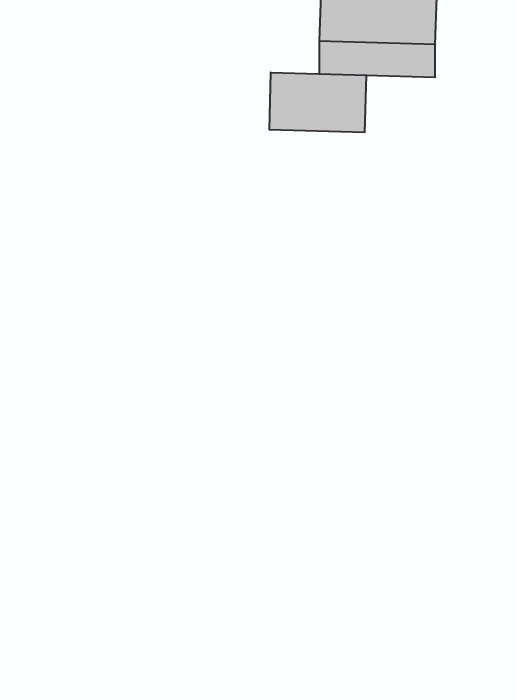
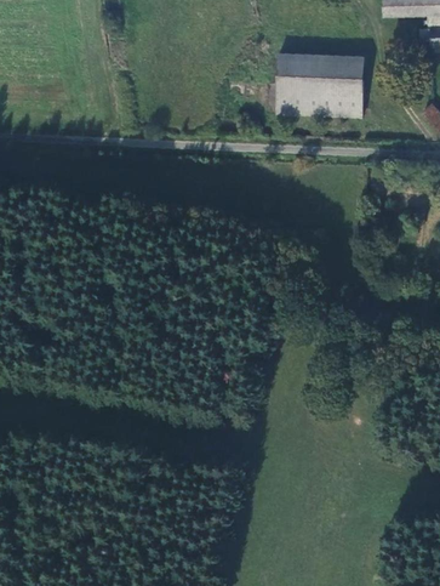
building: [269,72,366,132] -> none

